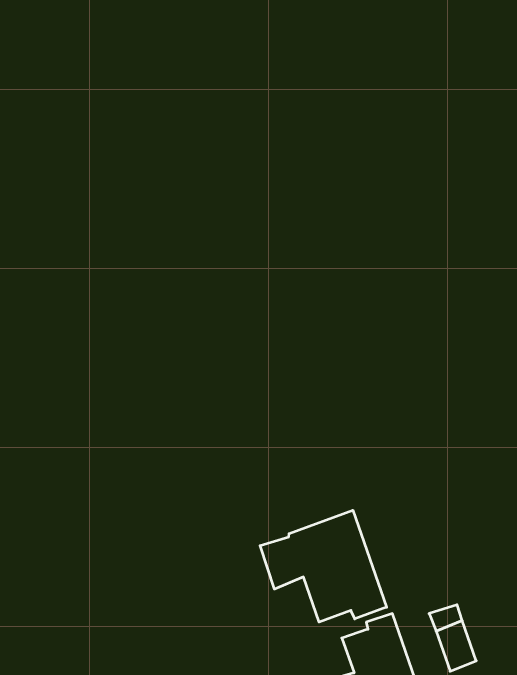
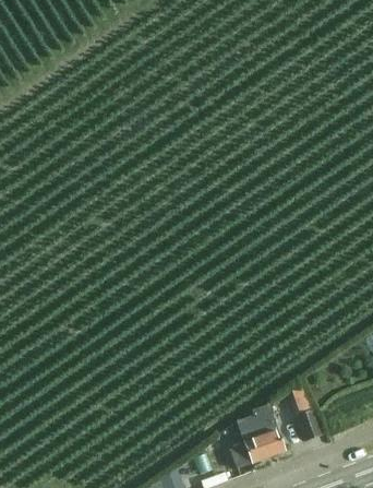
building: [260,510,387,622] -> none

